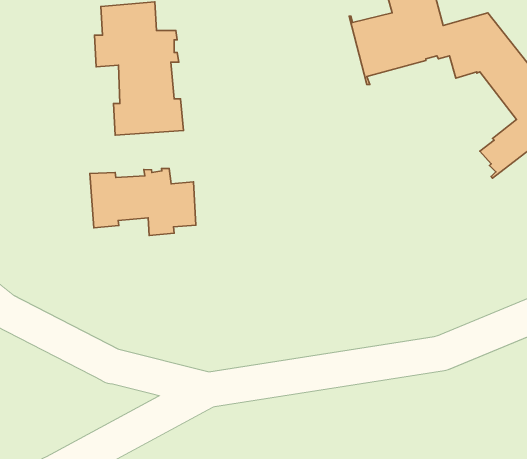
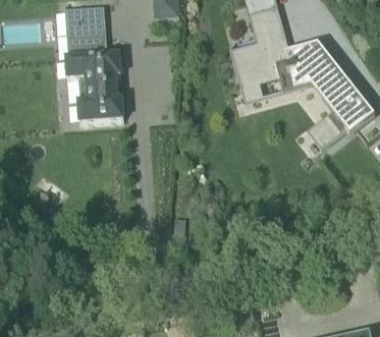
building: [90,168,196,235] -> none

